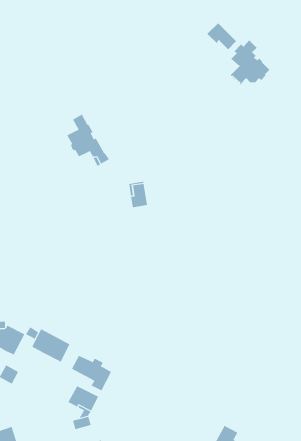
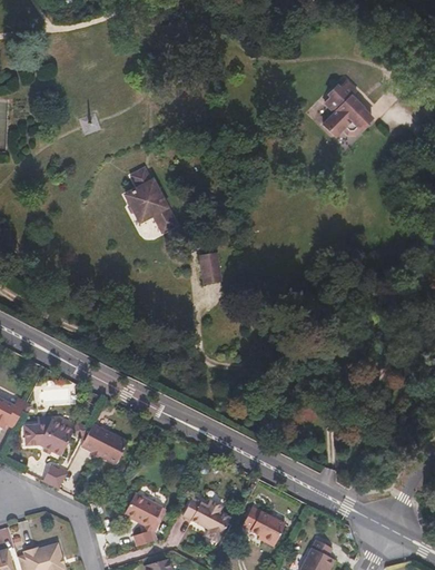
building: [207,23,237,50] -> none
building: [71,355,112,391] -> [185,493,234,537]
building: none -> [243,507,286,547]

